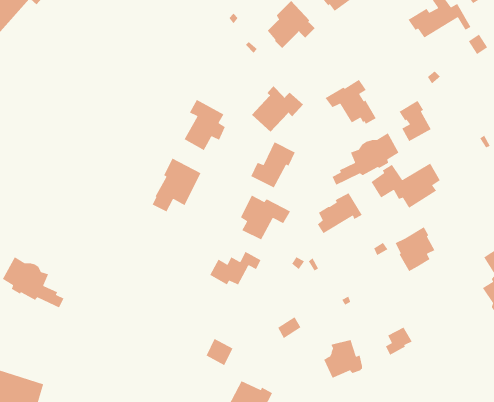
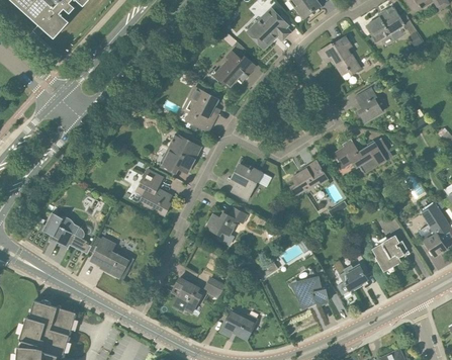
building: [324,79,377,125] -> [319,36,360,73]
building: [251,85,304,133] -> [214,51,256,88]
building: [331,132,400,186] -> none
building: [250,141,296,188] -> none
building: none -> [137,169,172,215]
building: [395,226,436,272] -> [372,235,404,271]
building: none -> [91,238,128,277]
building: none -> [174,277,201,312]

